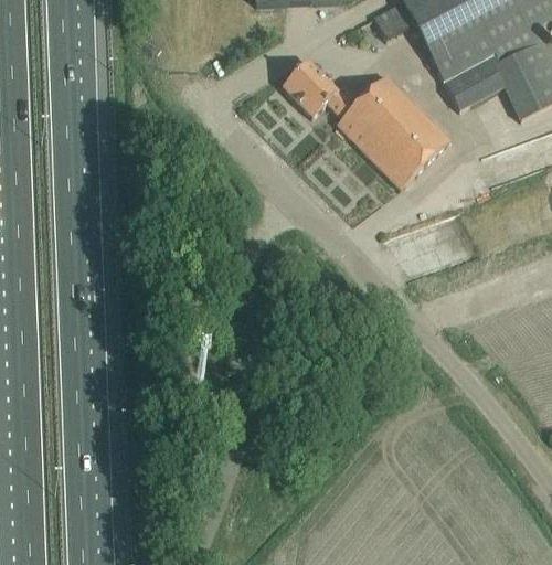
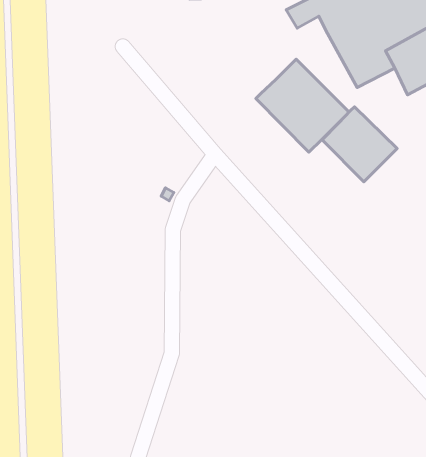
building: [283,61,361,118] -> none
building: none -> [322,107,397,182]

